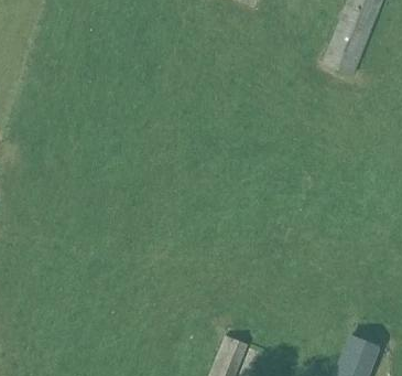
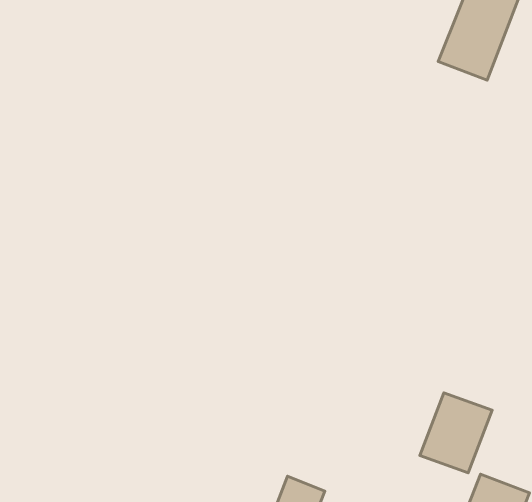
building: none -> [420,393,492,473]

